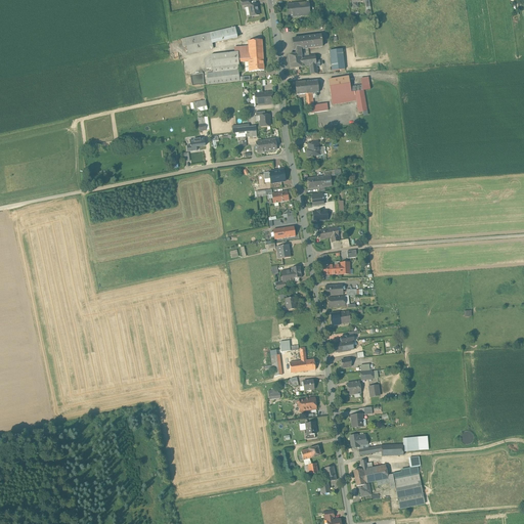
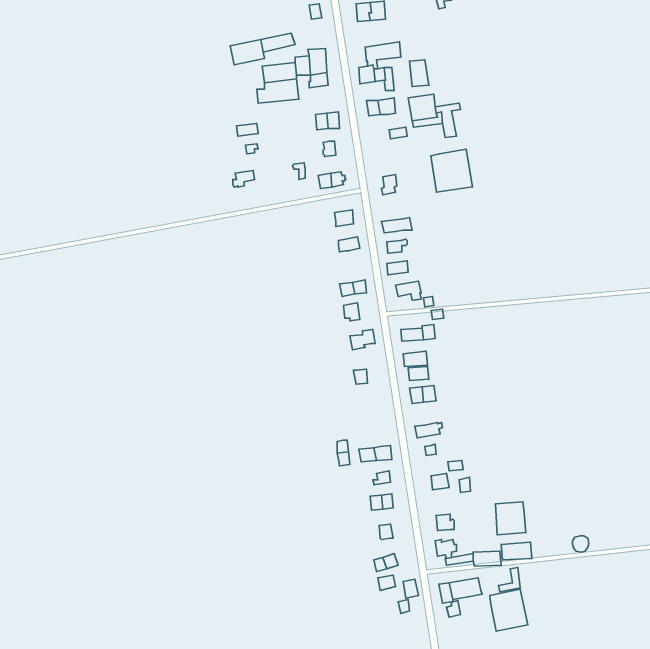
building: none -> [431,149,473,192]
building: none -> [495,502,526,535]

